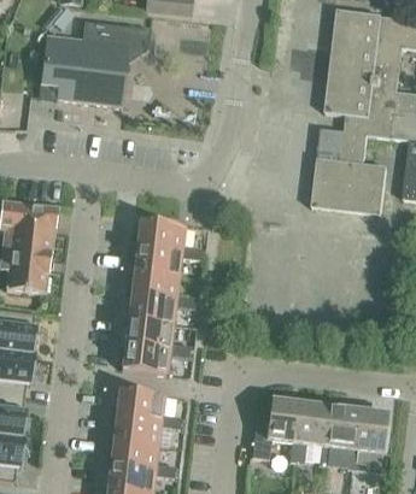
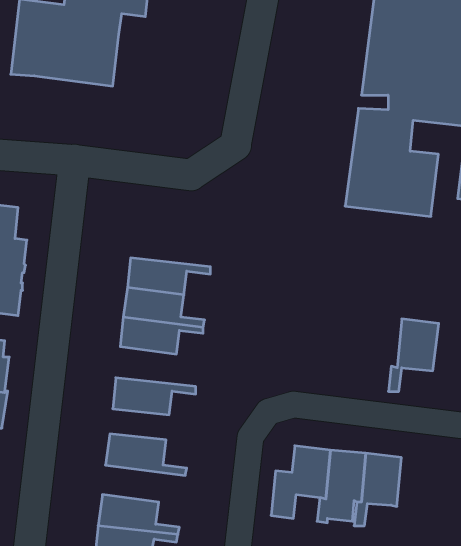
building: [136,219,203,253] -> none
building: [124,318,191,351] -> none
building: [346,408,387,467] -> [388,319,439,391]
building: [113,414,181,445] -> none

